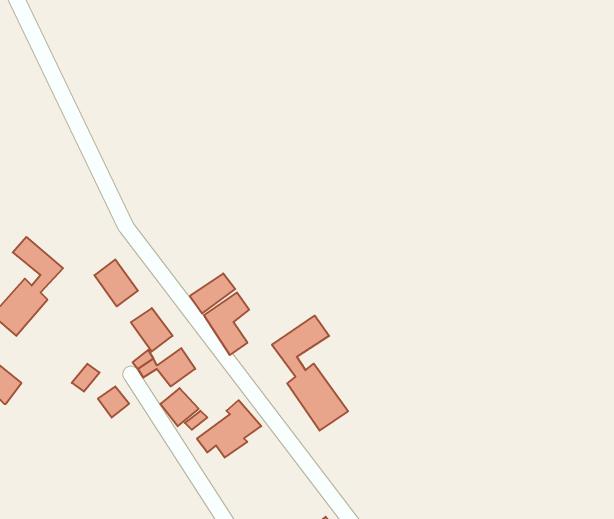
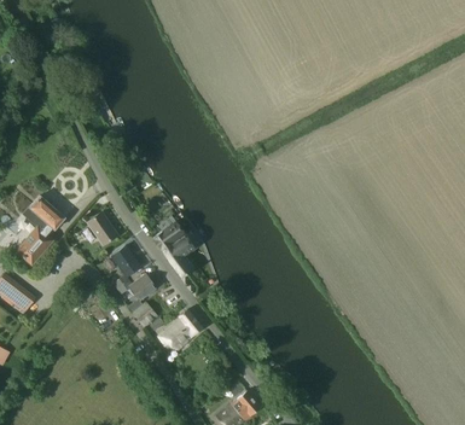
building: [272,316,348,431] -> none

